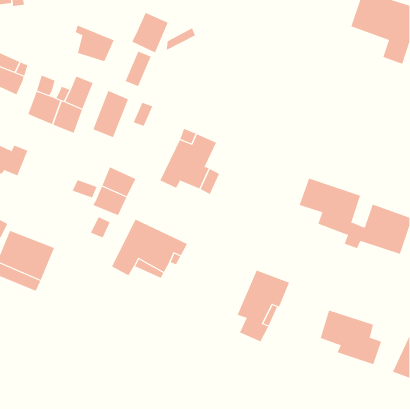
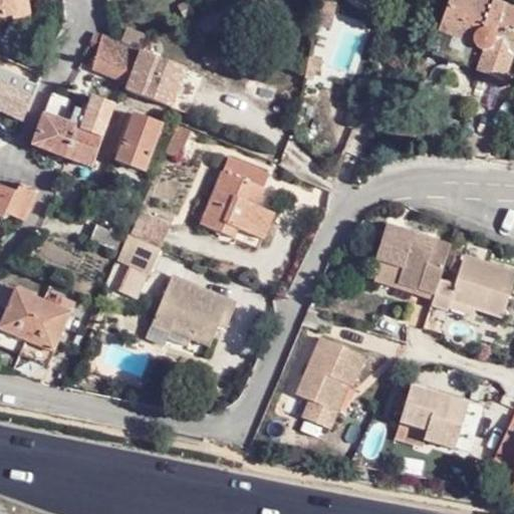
building: [131,12,168,53] -> [125,50,172,101]

